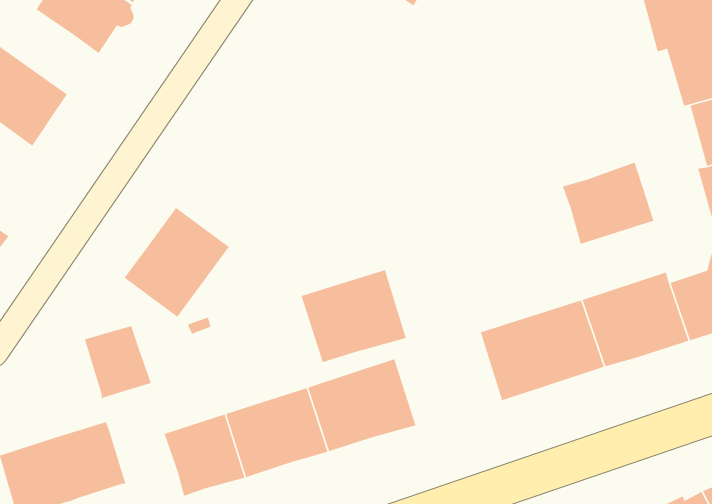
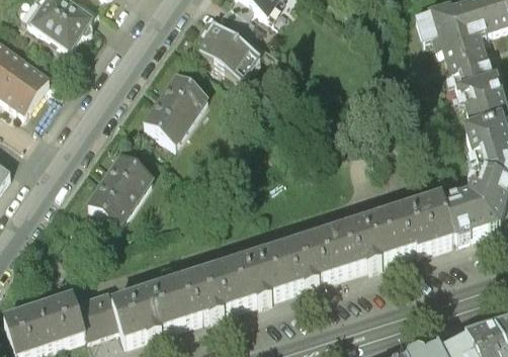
building: none -> [196,20,263,80]
building: none -> [139,71,209,144]
building: [562,162,655,245] -> none
building: [301,269,407,363] -> [262,232,332,293]
building: [84,325,152,399] -> [75,286,119,335]

